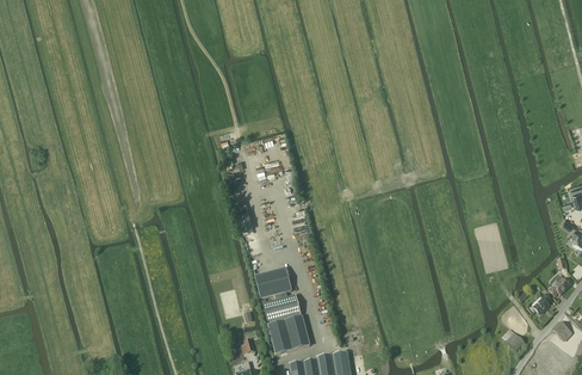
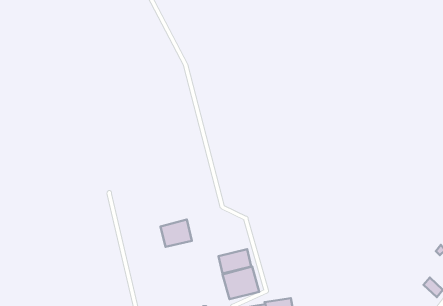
building: [254,266,291,299] -> [160,219,192,247]

